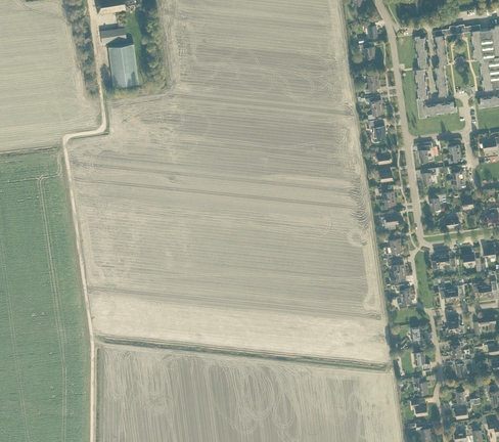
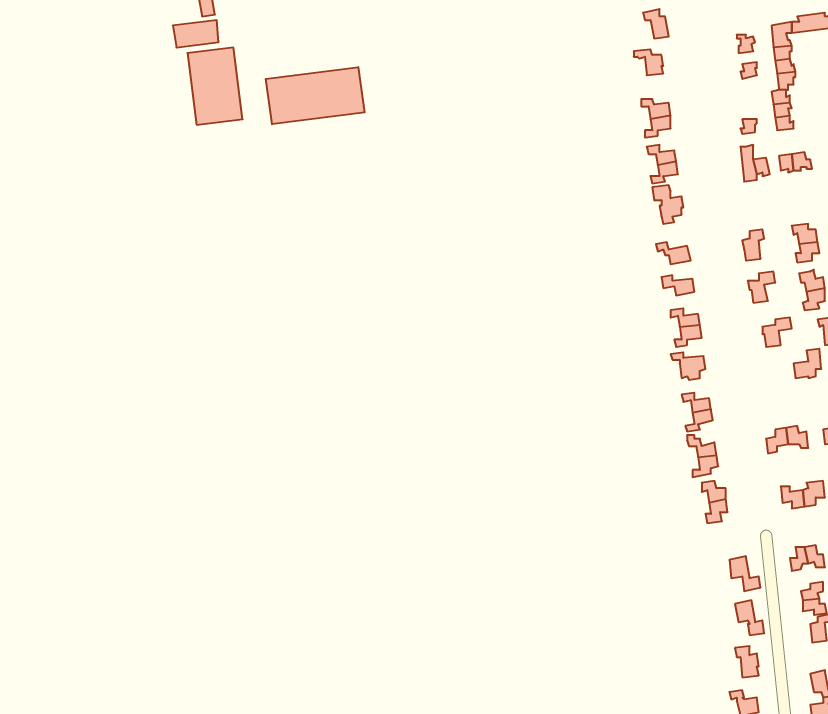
building: none -> [266,67,365,124]

